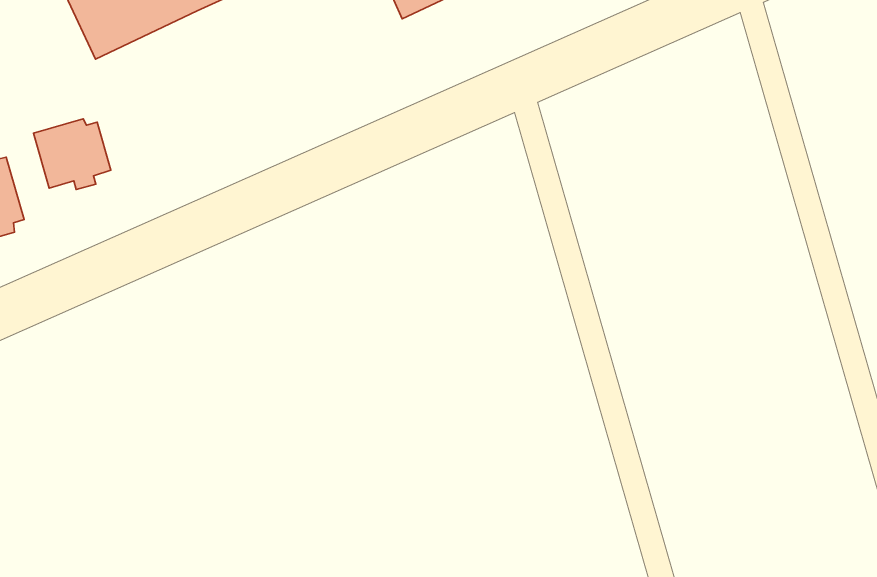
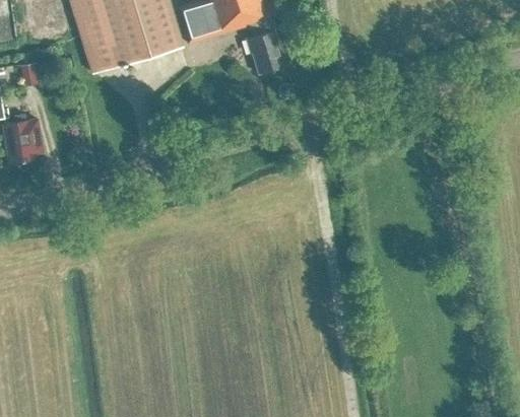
building: [34,119,111,189] -> none

